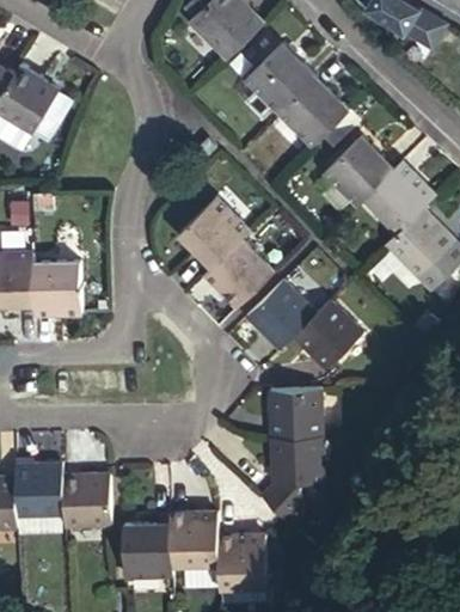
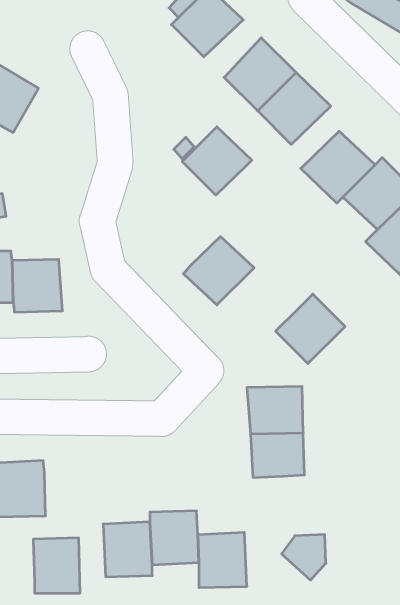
building: [177,200,246,268] -> [182,127,252,195]
building: [245,280,317,350] -> none
building: [65,473,111,528] -> [33,538,80,593]
building: [259,478,303,524] -> [282,535,326,580]

